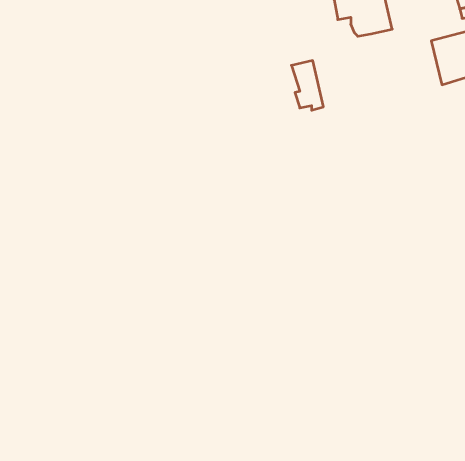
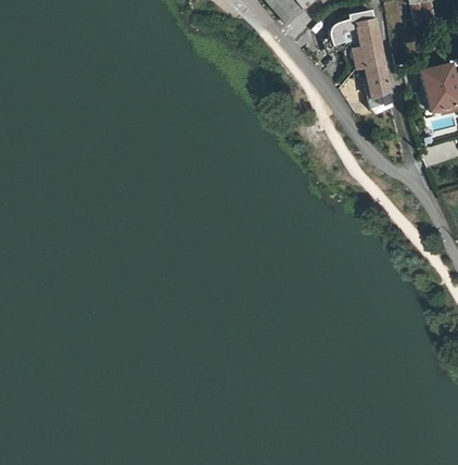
building: [291,61,323,110] -> [364,55,393,101]

